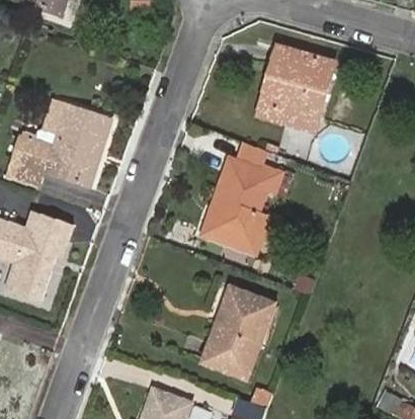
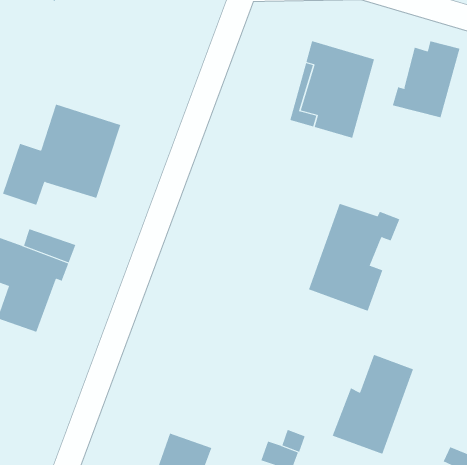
building: none -> [392,40,460,118]
building: [202,157,283,252] -> [308,203,400,312]
building: [202,289,274,378] -> [332,354,414,454]

